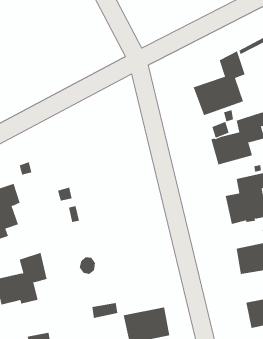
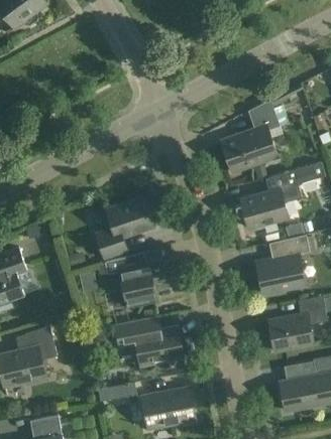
building: none -> [95,196,153,258]
building: none -> [104,252,169,306]
building: none -> [115,318,183,365]

